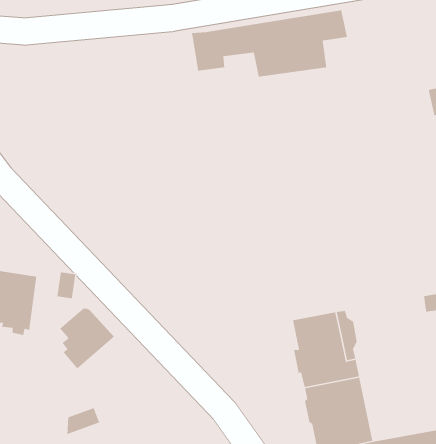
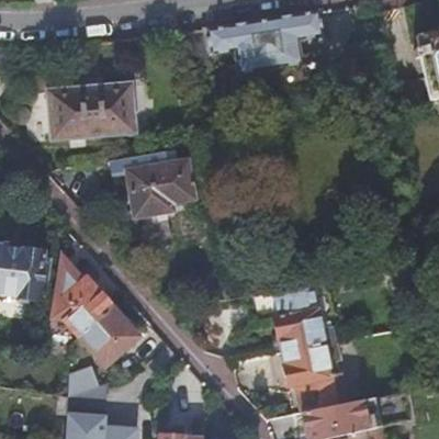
building: none -> [49,85,135,136]
building: none -> [128,158,196,214]
building: none -> [79,306,137,364]

